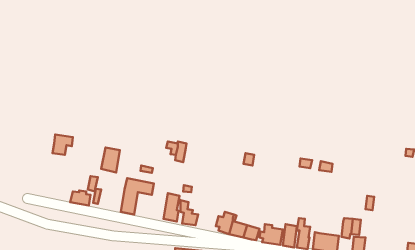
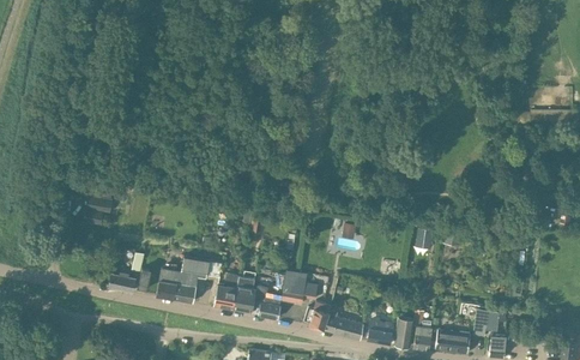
building: [101,148,120,172] -> [156,266,181,300]
building: none -> [280,269,316,304]
building: none -> [215,272,240,310]

